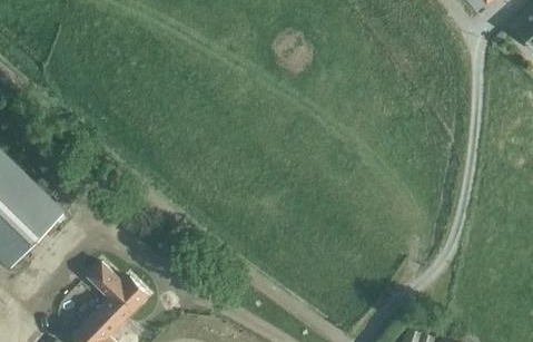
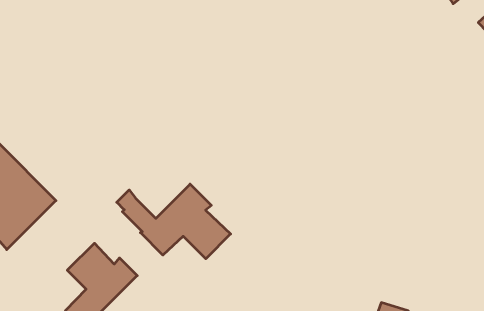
building: none -> [117,184,231,259]

